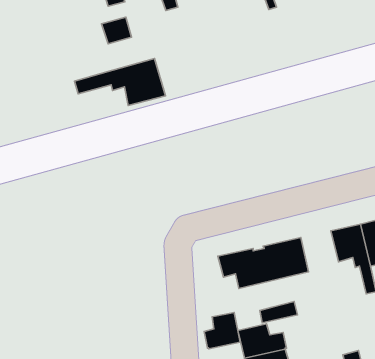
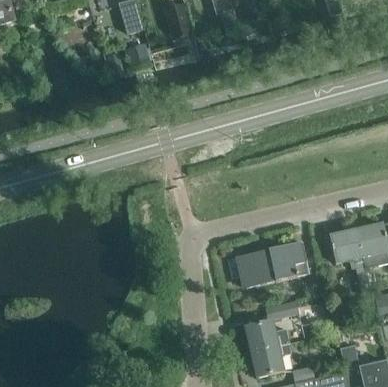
building: [74,58,165,106] -> none
building: [204,312,240,349] -> none

